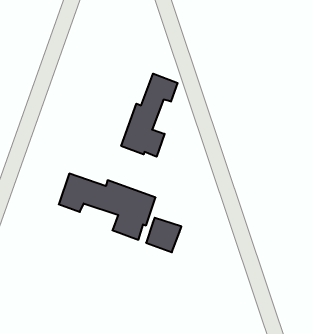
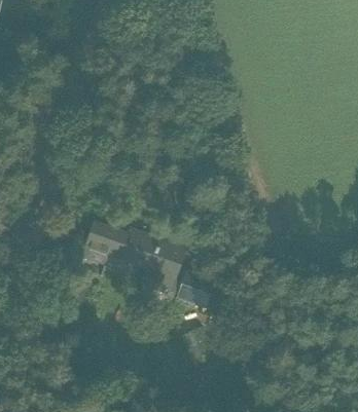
building: [121,74,178,157] -> none

